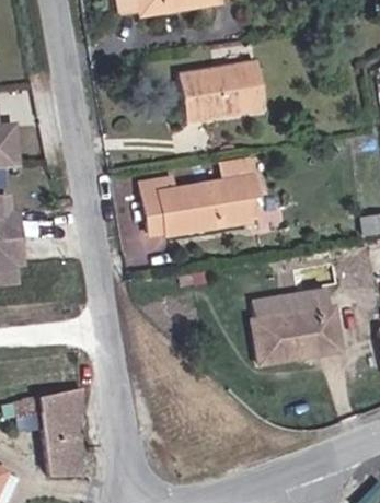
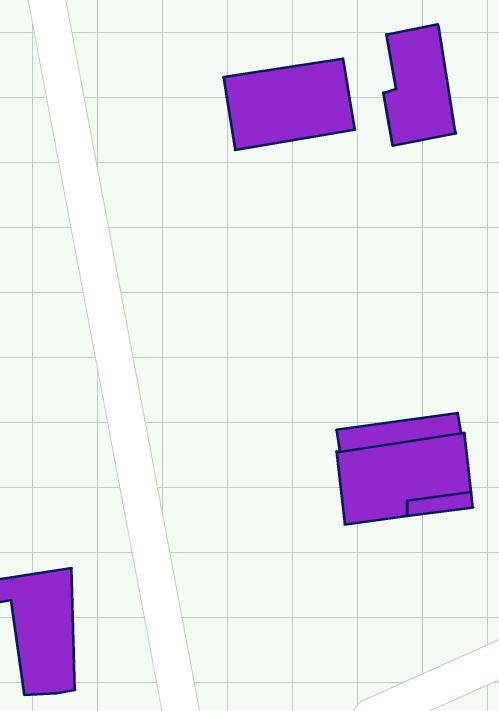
building: none -> [383,24,456,146]
building: [141,161,258,235] -> none

